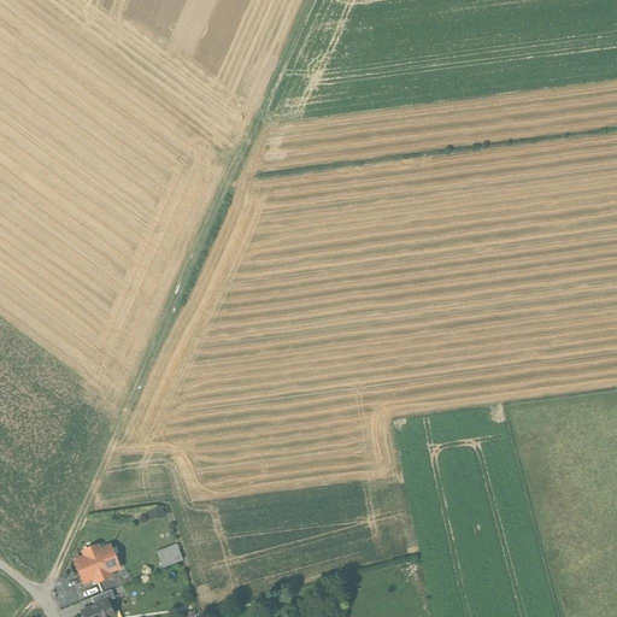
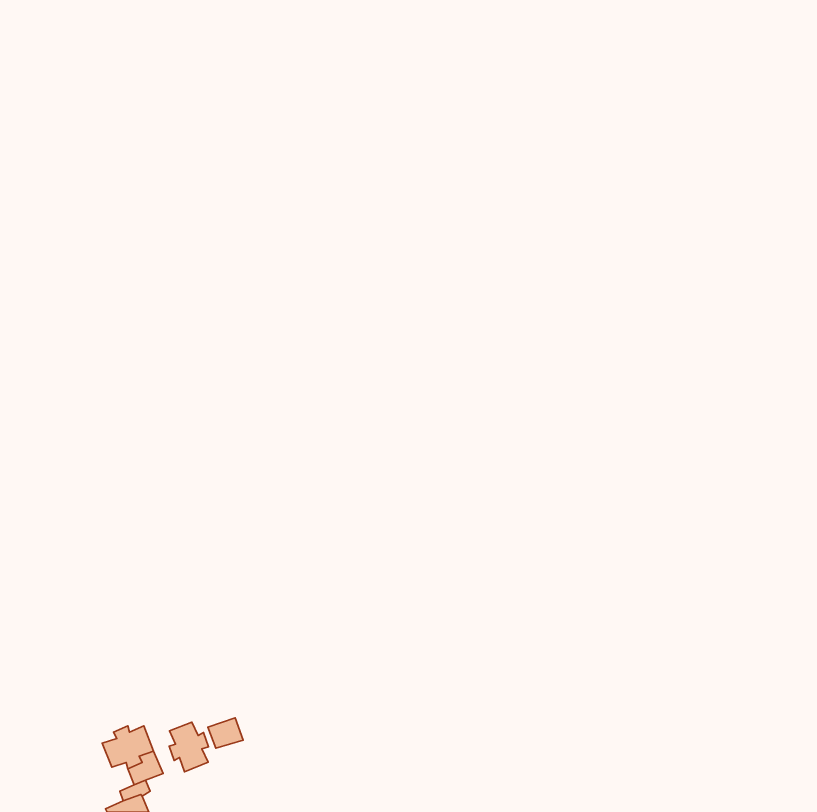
building: none -> [169,722,208,772]

